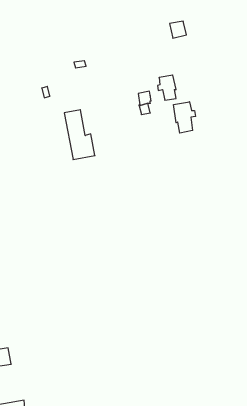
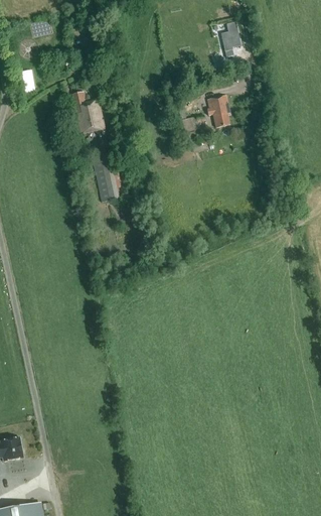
building: none -> [72,92,105,135]
building: [174,102,196,133] -> none

